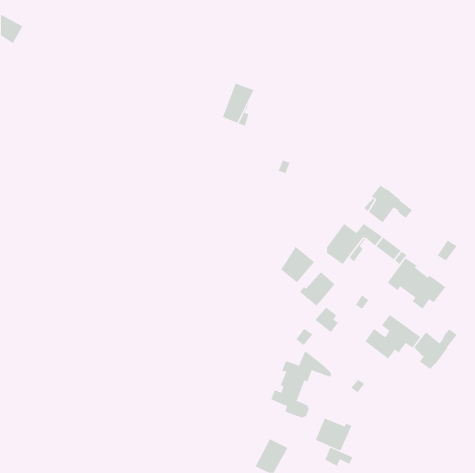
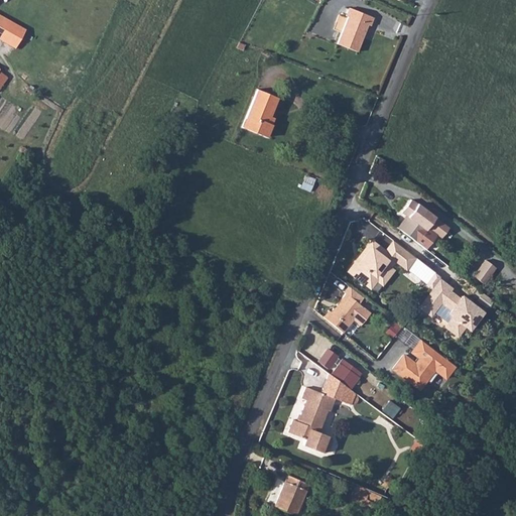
building: none -> [337,6,374,49]
building: [281,245,315,283] -> none
building: [315,307,339,333] -> [332,367,358,395]
building: [414,329,457,370] -> none
building: [315,418,352,452] -> none

